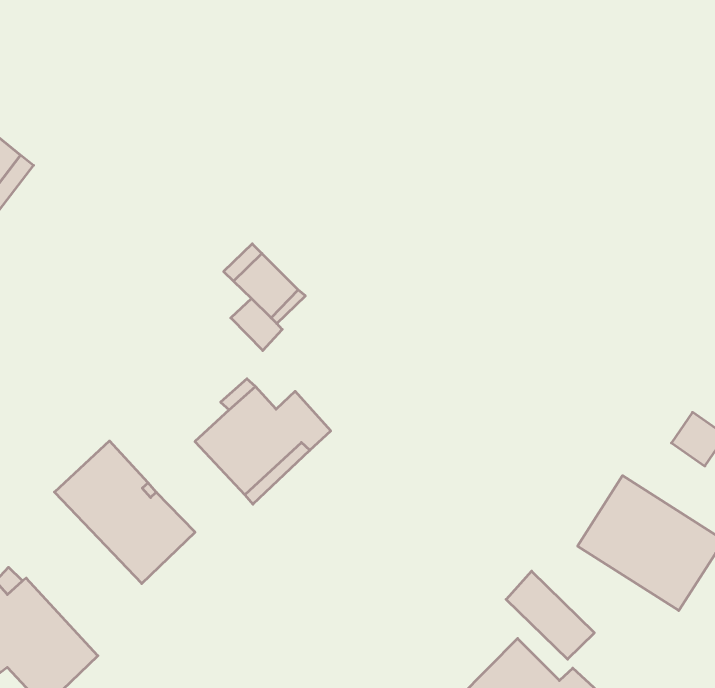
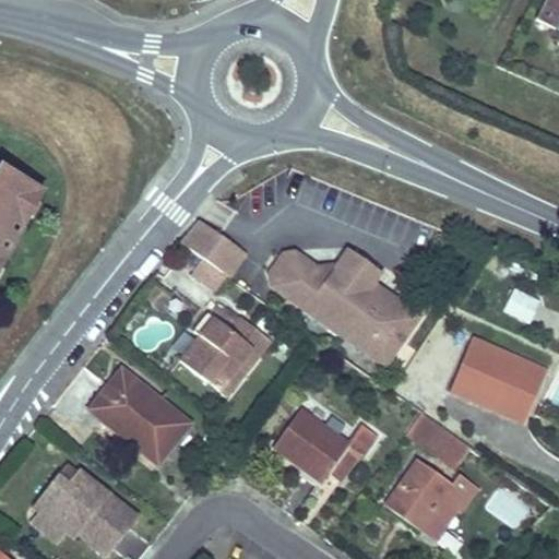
building: none -> [263,243,414,360]
building: none -> [273,407,377,480]

